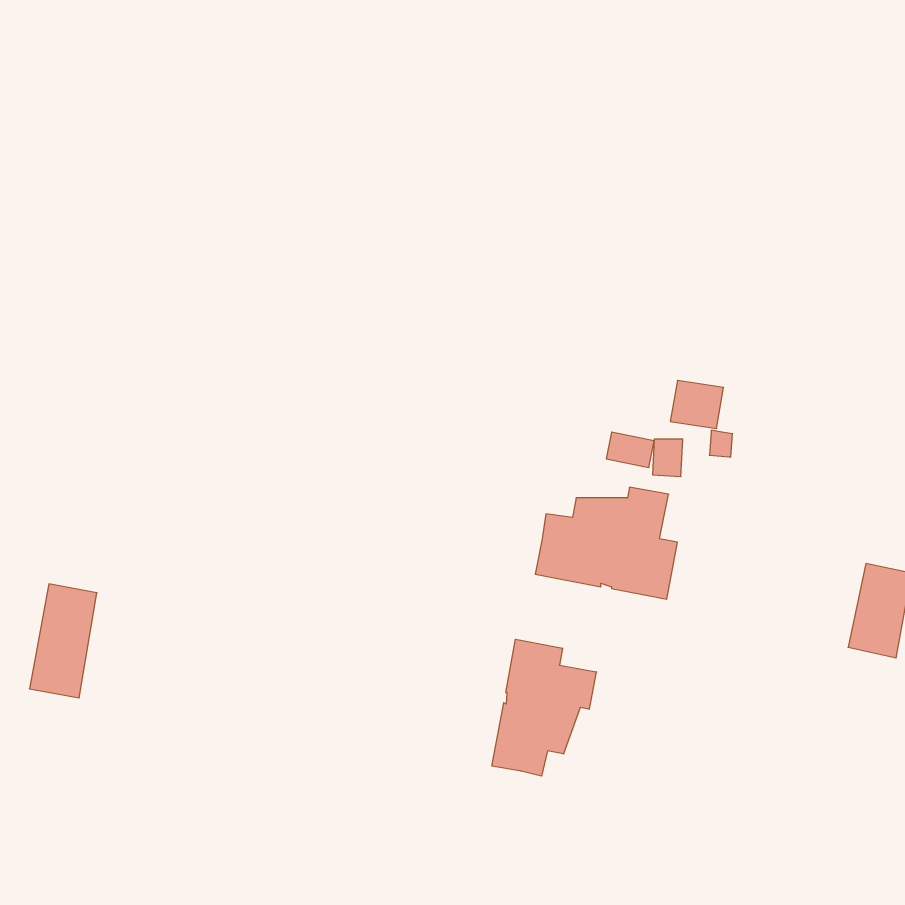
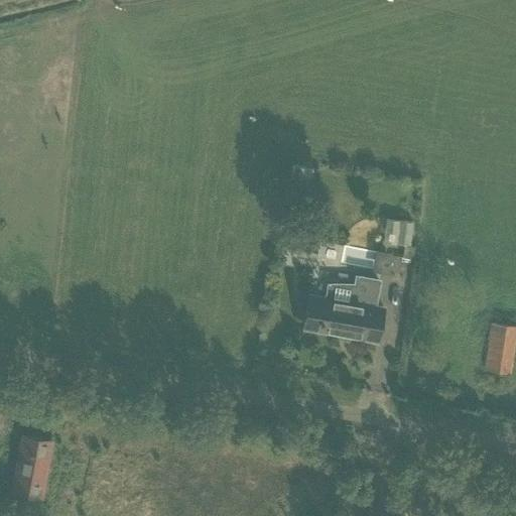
building: [29,584,97,698] -> [14,436,52,501]
building: [492,639,596,776] -> none

